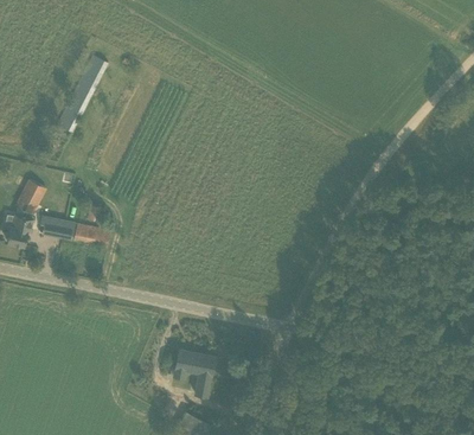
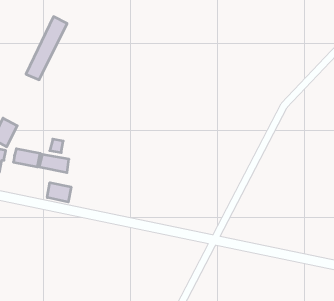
building: none -> [47,183,71,202]
building: [172,348,214,396] -> none

